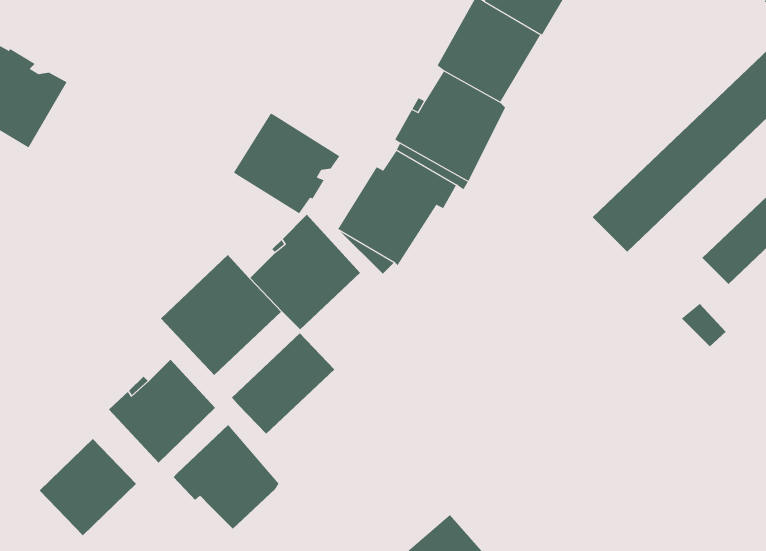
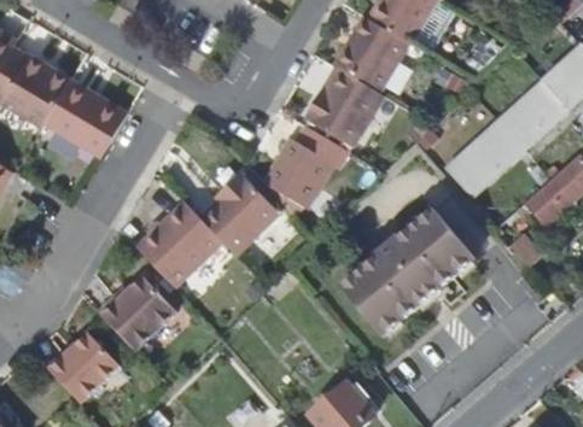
building: none -> [45,78,128,156]
building: [233,112,340,214] -> none
building: none -> [340,206,474,335]
building: [231,333,335,434] -> none
building: [173,424,279,529] -> none

